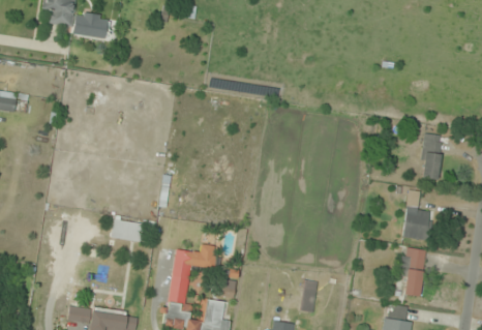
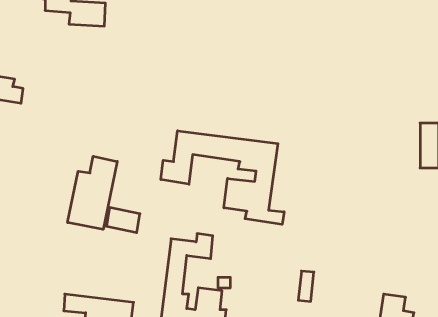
building: none -> [161,131,284,224]
building: none -> [68,156,117,229]
building: [402,190,431,240] -> none
building: [399,246,426,296] -> none

